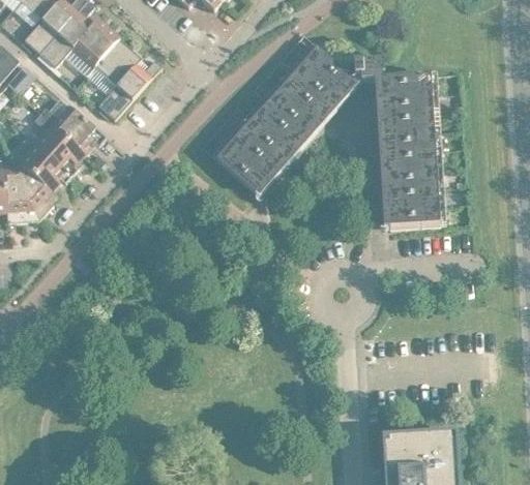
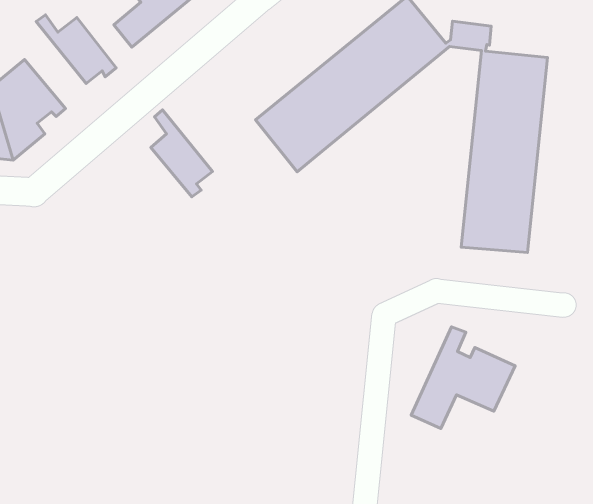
building: [33,112,84,174] -> [151,110,212,197]
building: none -> [411,327,515,428]

